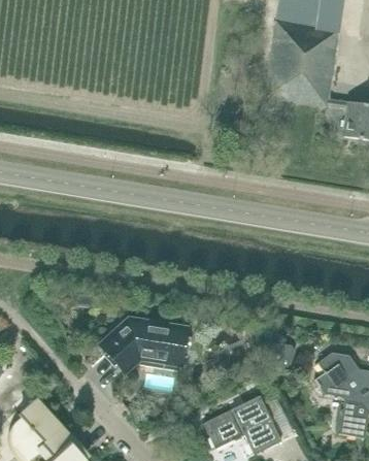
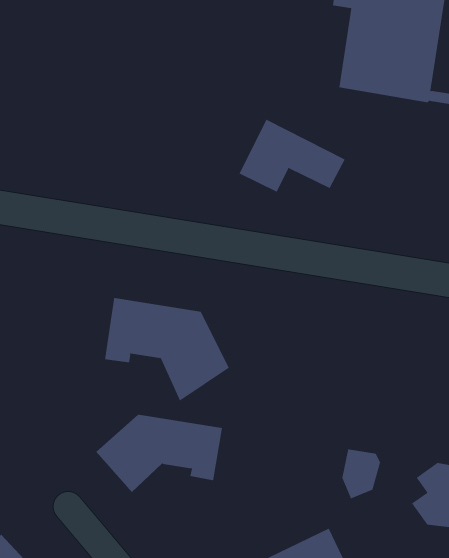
building: none -> [239,119,346,193]
building: none -> [104,297,230,402]

